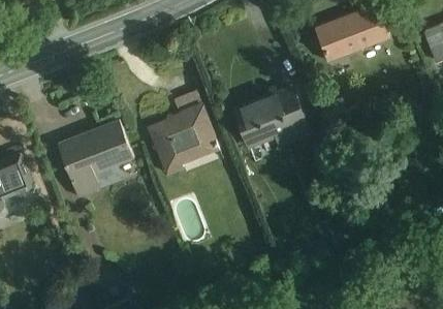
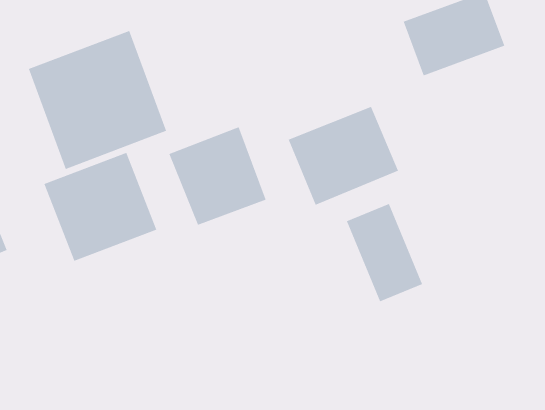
building: none -> [28,30,167,170]
building: none -> [346,203,423,302]

